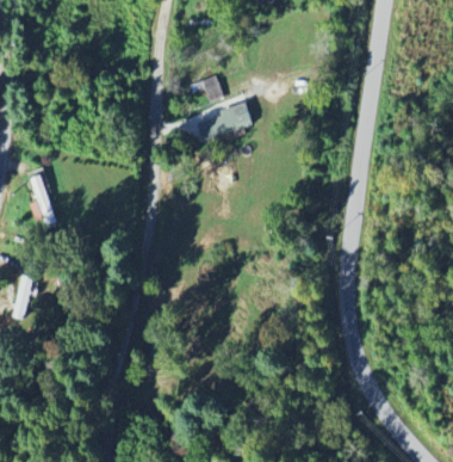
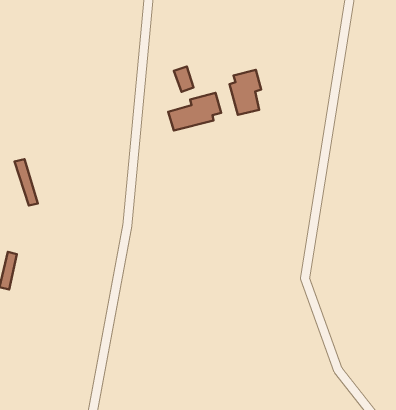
building: none -> [229,70,261,115]

